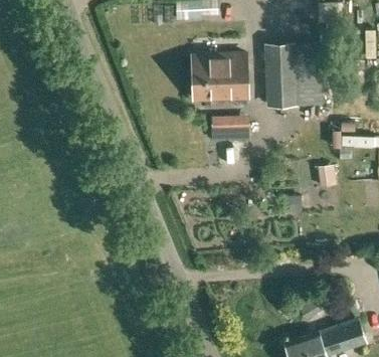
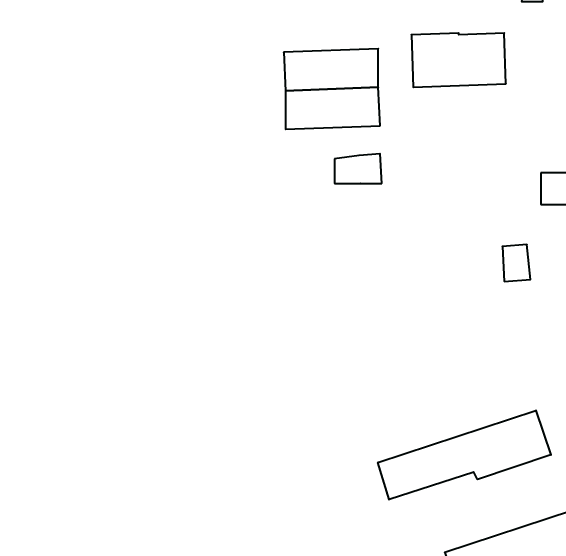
building: [265,75,320,108] -> none
building: none -> [378,410,551,500]

